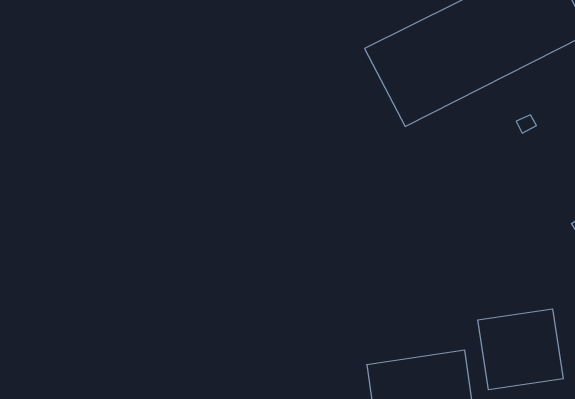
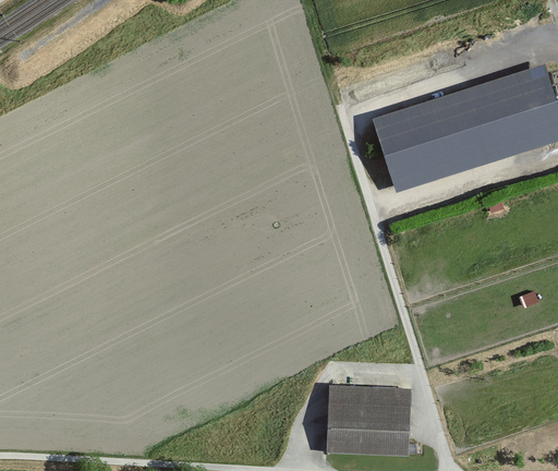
building: [478,309,563,390] -> none

